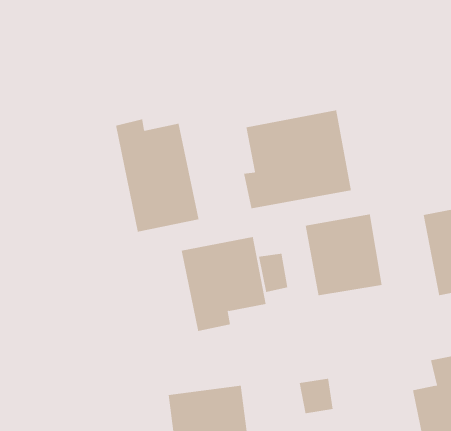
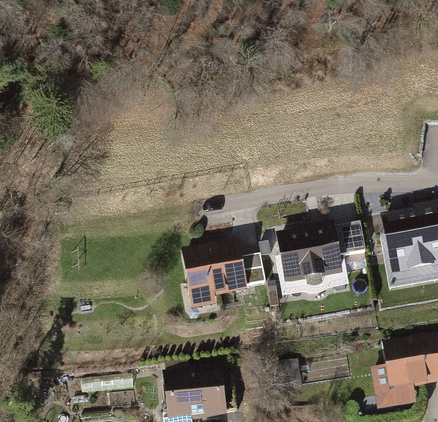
building: [244,110,351,209] -> none
building: [116,118,199,233] -> none
building: none -> [336,218,366,253]

